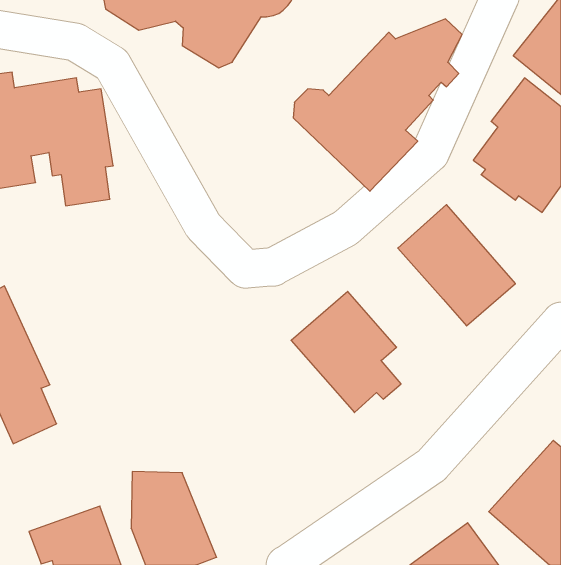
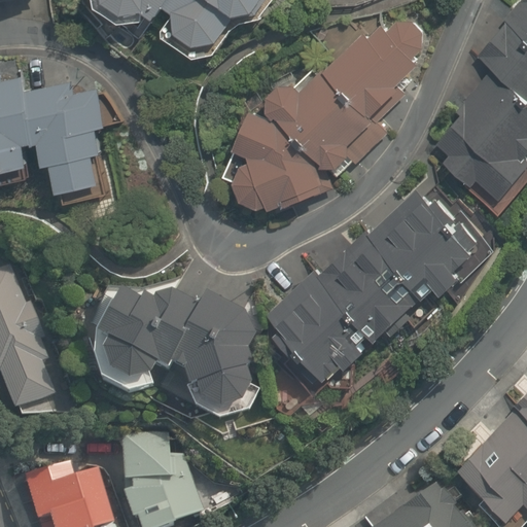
building: none -> [239,111,324,207]
building: none -> [322,230,420,343]
building: none -> [100,289,249,415]

